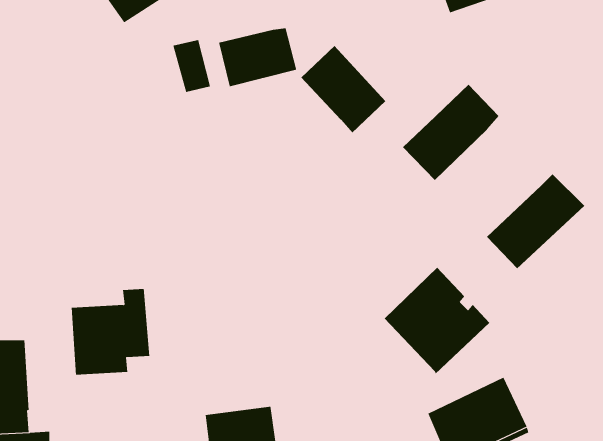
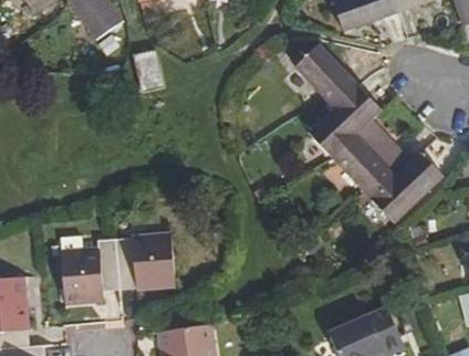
building: [218,27,297,87] -> none
building: [301,45,386,133] -> [293,43,357,109]
building: [384,267,490,374] -> [332,119,411,200]
building: none -> [114,235,171,290]

